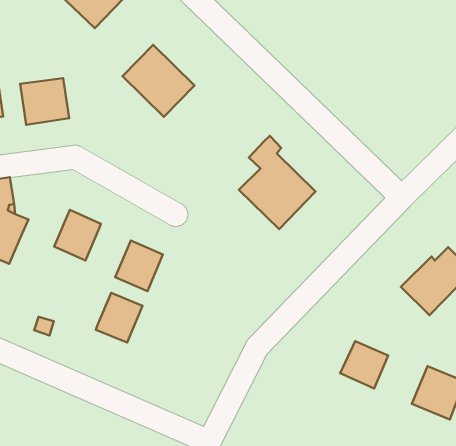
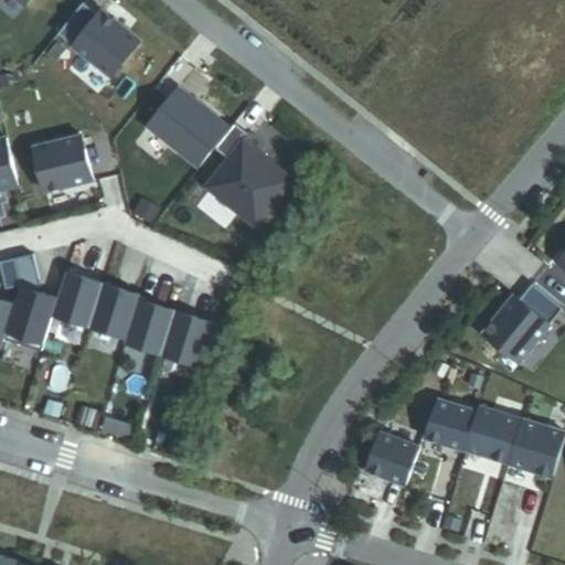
building: [239,136,315,229] -> [204,122,290,226]
building: none -> [51,271,102,326]
building: [96,293,142,343] -> [124,299,173,353]
building: none -> [462,405,520,462]
building: none -> [363,431,418,484]

